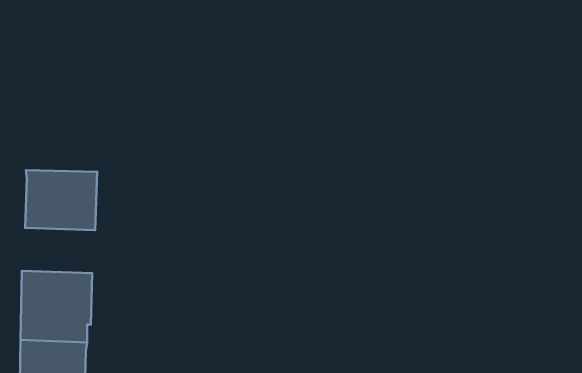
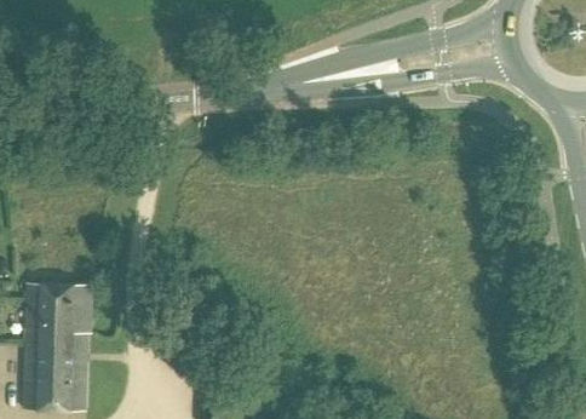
building: [25,170,97,230] -> none

